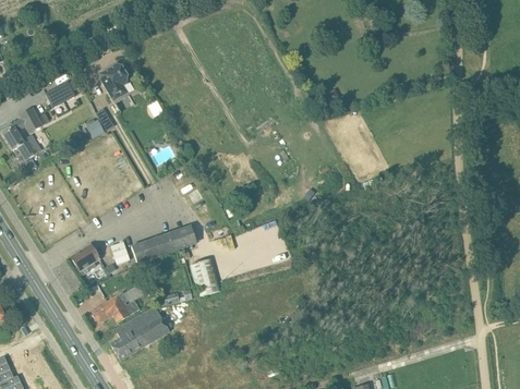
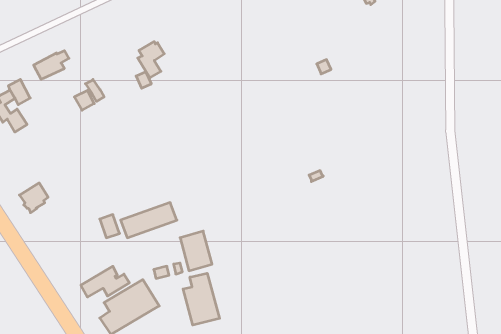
building: [101,63,128,99] -> [138,42,164,78]
building: [71,245,99,275] -> [19,183,48,213]
building: none -> [183,273,220,325]

